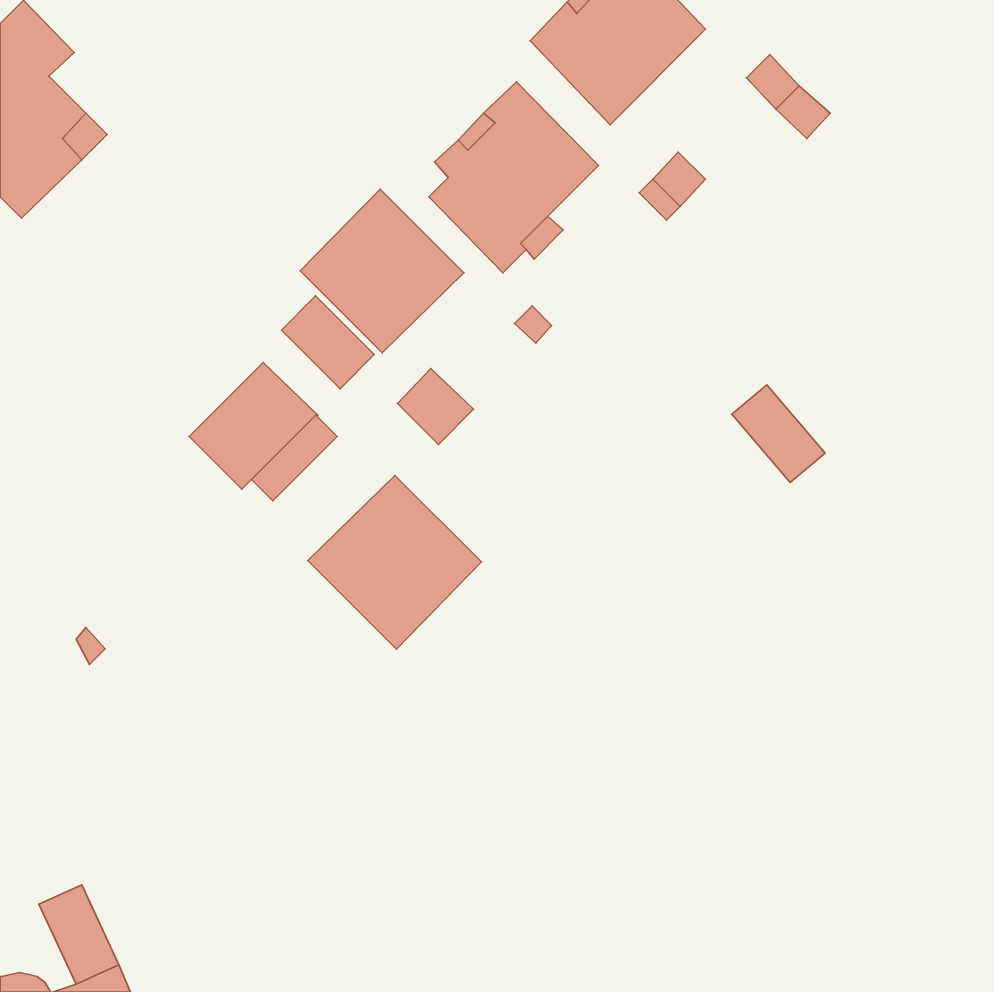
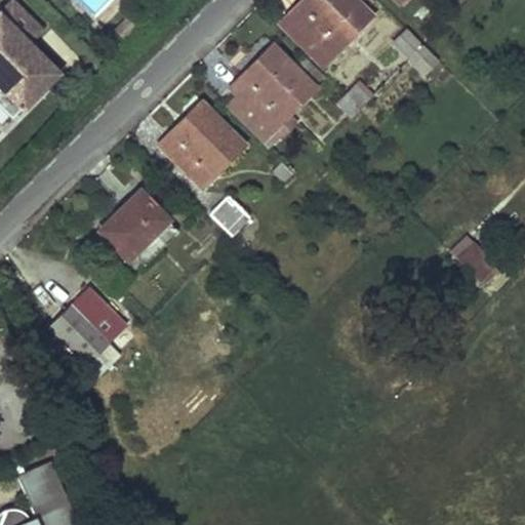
building: [281,296,374,389] -> none
building: [732,385,825,482] -> [453,232,502,283]
building: [308,475,482,649] -> none
building: none -> [50,287,124,362]

